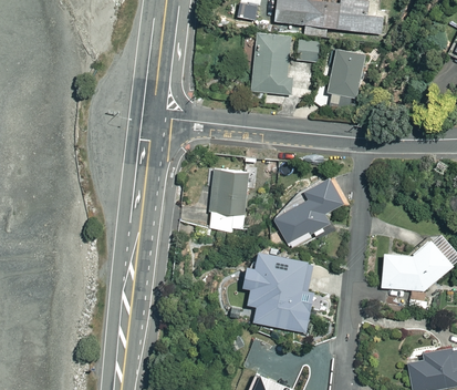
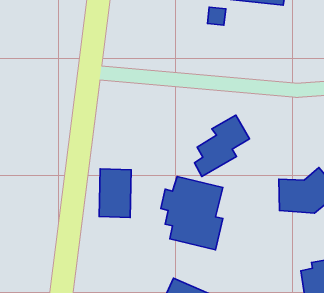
building: [251,37,294,98] -> none
building: [326,50,365,101] -> none
building: [208,167,247,226] -> [99,169,131,217]

